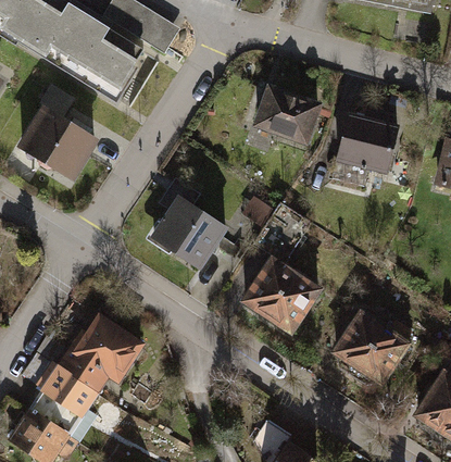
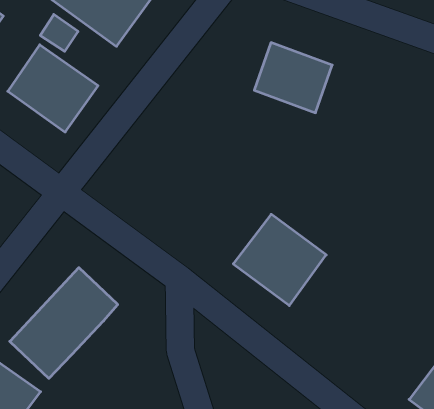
building: [334,122,399,184] -> none
building: [150,189,227,264] -> none
building: [333,300,415,380] -> none

